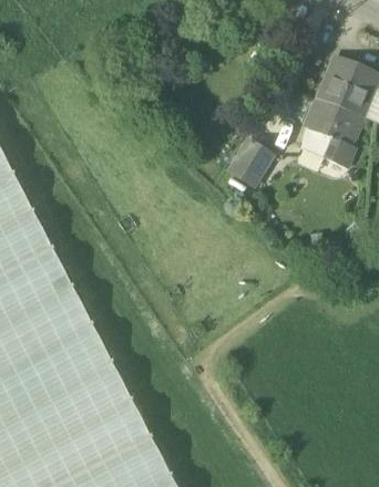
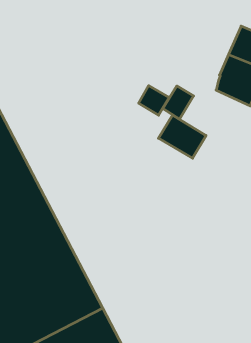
building: none -> [139,86,169,115]
building: none -> [158,115,206,158]

